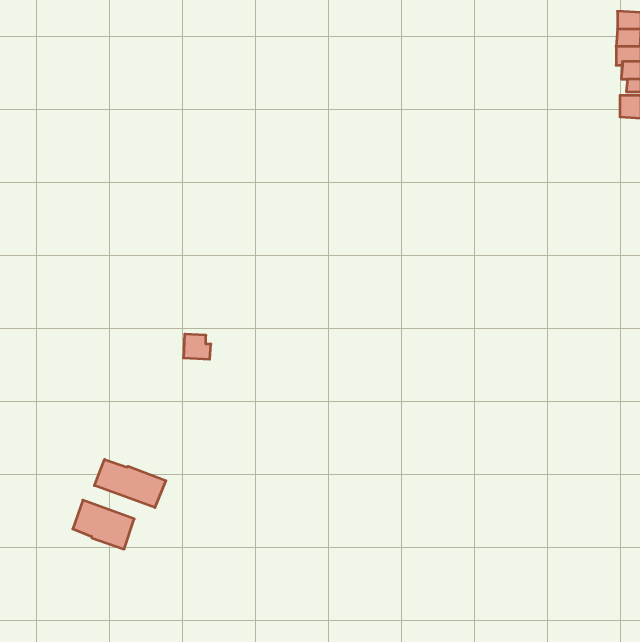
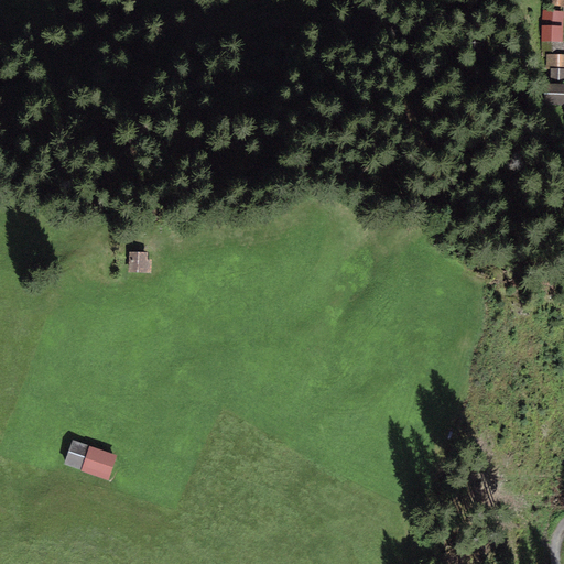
building: [183,334,211,359] -> [129,251,153,273]
building: [94,459,166,508] -> none

